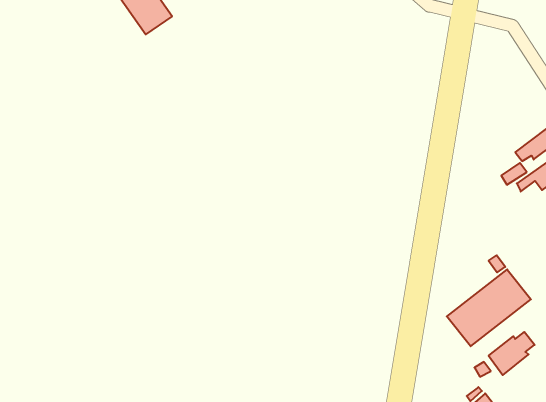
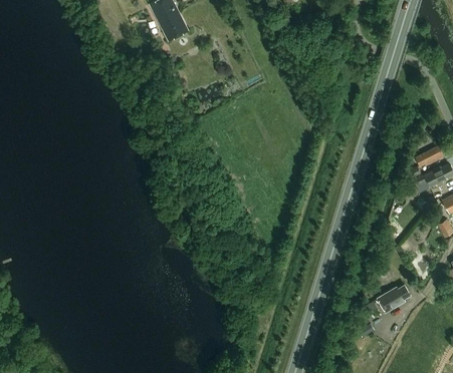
building: [447,269,531,346] -> none

